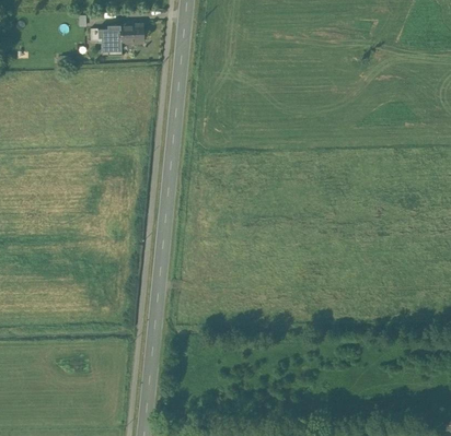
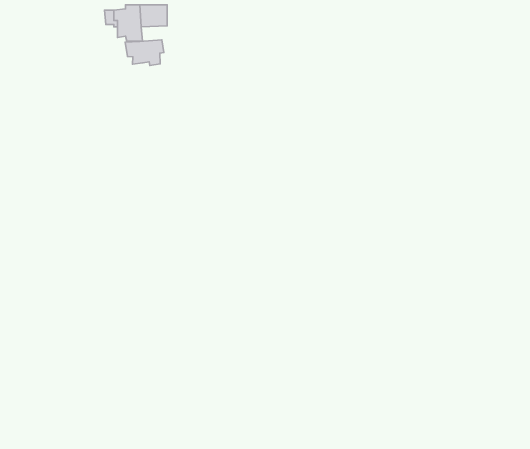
building: none -> [125,40,164,65]

